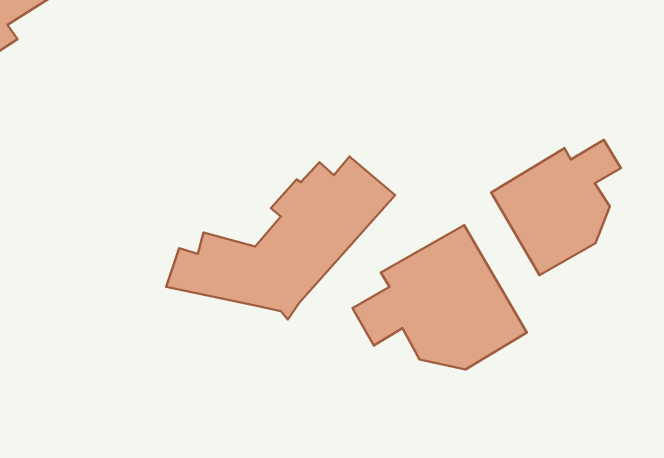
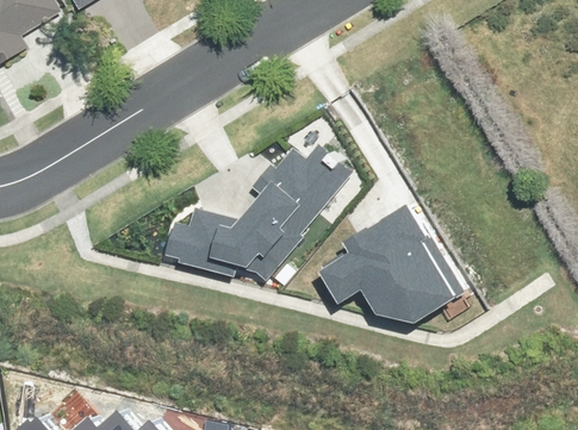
building: [491,140,621,275] -> none

